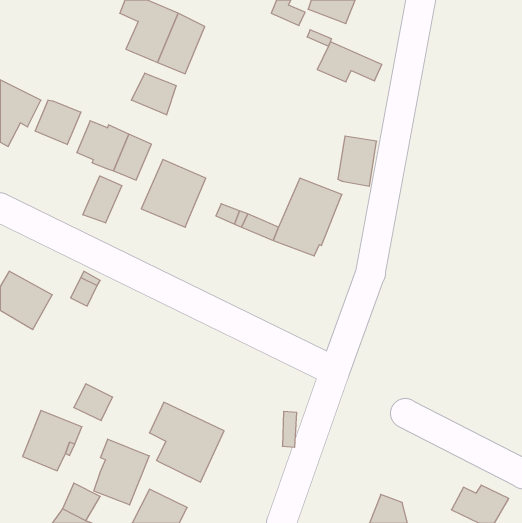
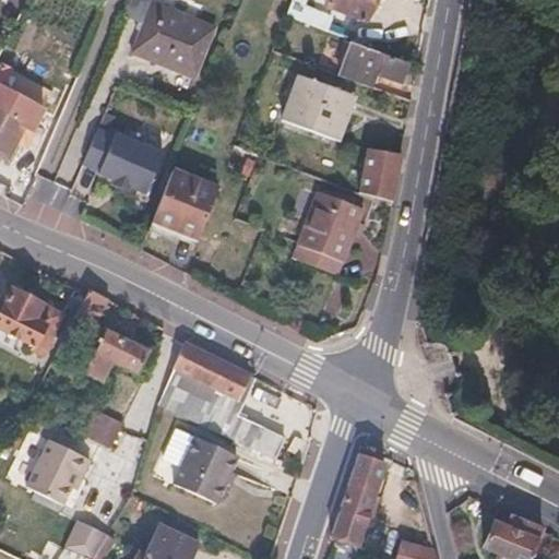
building: none -> [286,74,354,139]
building: [131,73,176,115] -> none
building: [35,100,81,145] -> none
building: [83,176,122,223] -> none
building: none -> [83,326,150,379]
building: none -> [158,344,283,457]
building: none -> [331,453,384,545]
building: [94,439,149,505] -> none

